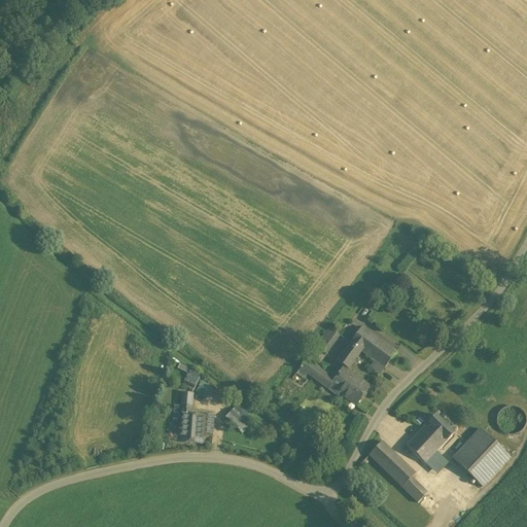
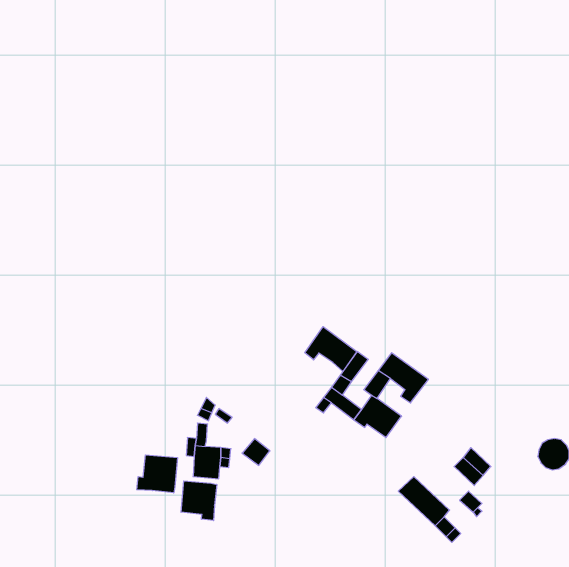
building: none -> [305,327,357,371]
building: none -> [137,455,177,493]
building: [452,427,510,485] -> none
building: [406,430,437,461] -> none
building: none -> [181,481,217,521]

